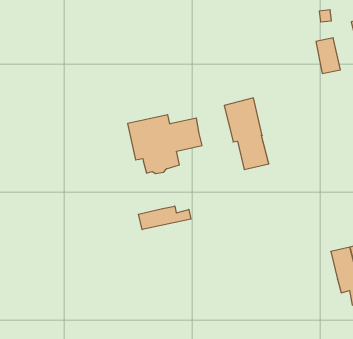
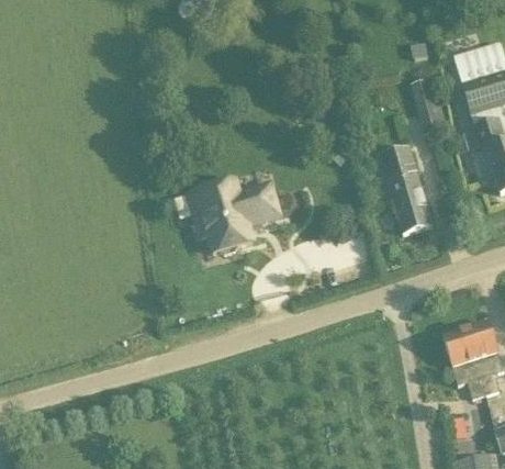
building: [224,98,269,170] -> [375,147,434,235]
building: [138,206,191,230] -> none

